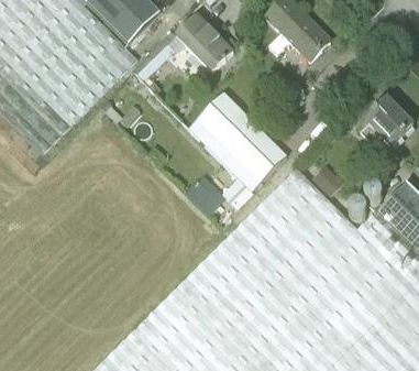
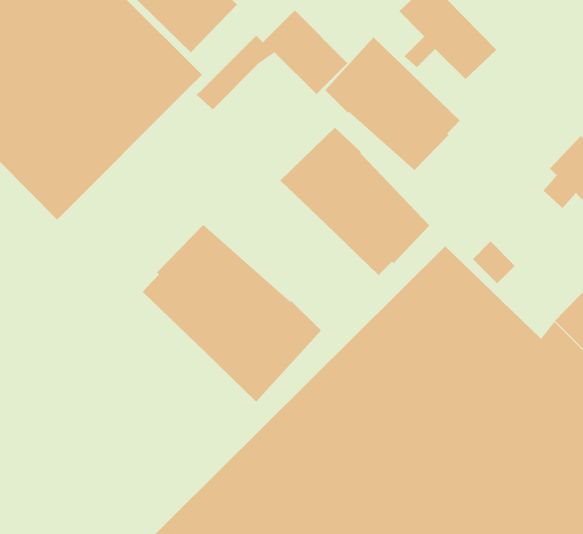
building: none -> [325,36,460,171]
building: none -> [142,224,322,402]

